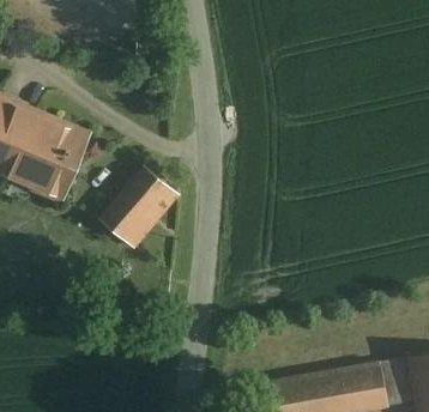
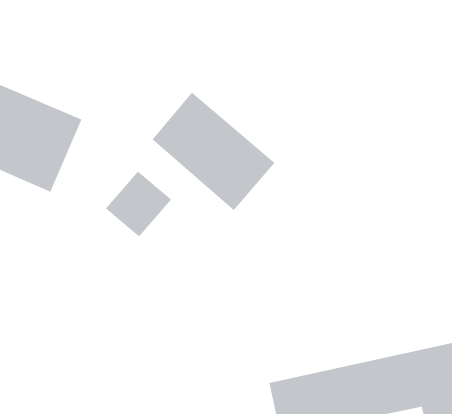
building: none -> [151,92,276,211]

